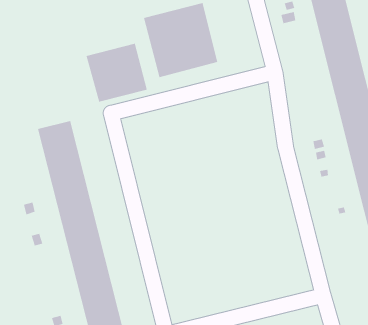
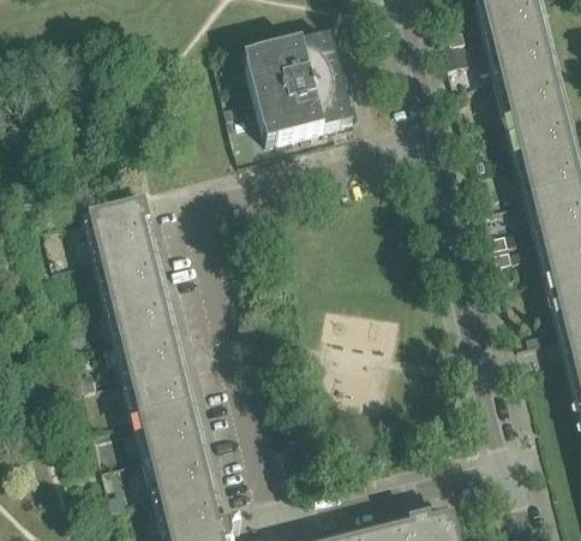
building: [86,43,147,103] -> none

